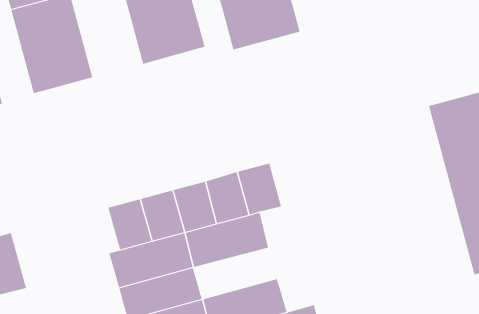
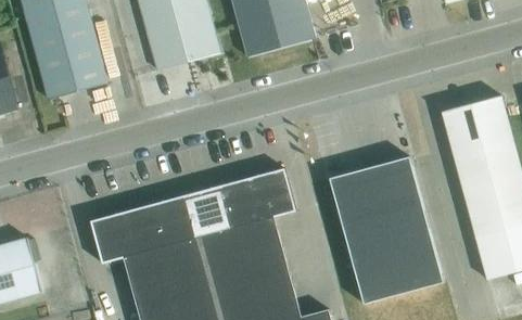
building: none -> [330,157,444,305]
building: none -> [91,213,135,264]
building: none -> [208,253,292,304]

